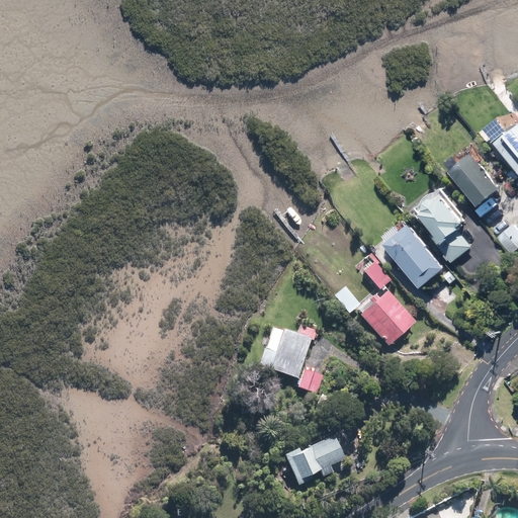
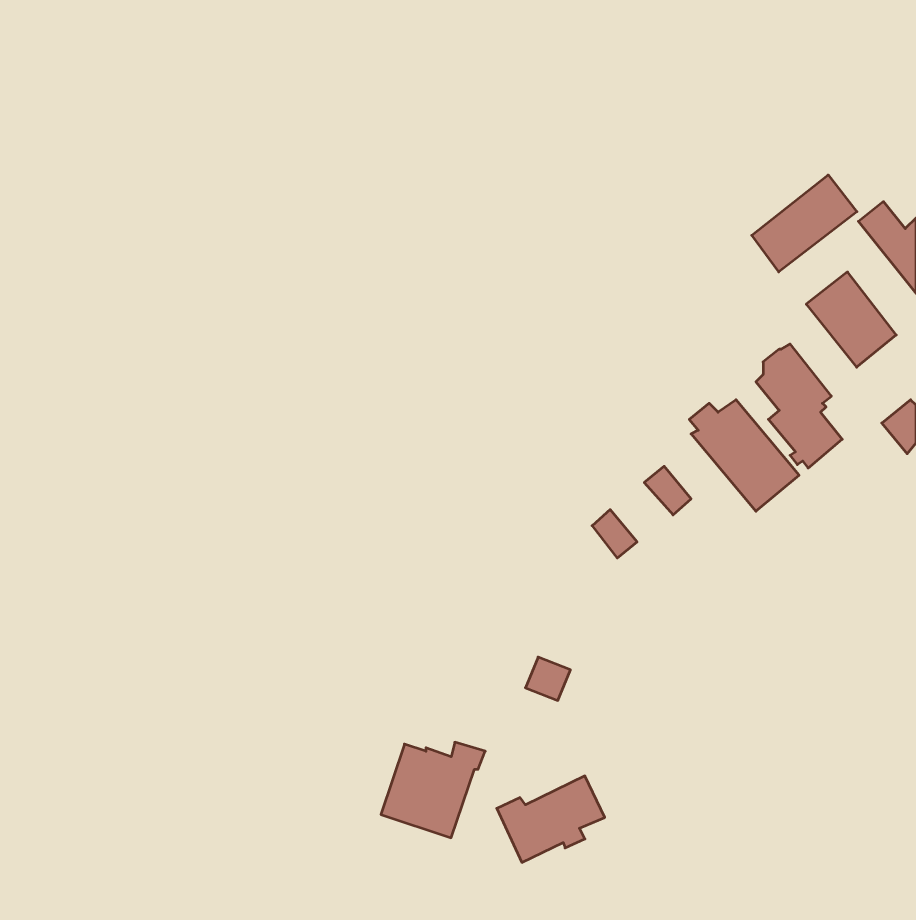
building: none -> [752,175,857,272]
building: [359,290,415,346] -> none
building: [257,325,316,378] -> [381,742,485,838]

